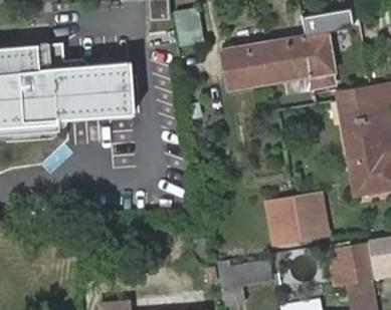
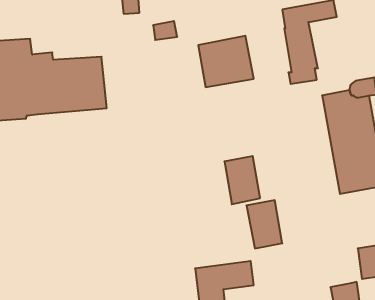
building: [266,34,311,92] -> none
building: [295,194,329,240] -> [224,156,260,204]
building: [333,246,368,284] -> none

